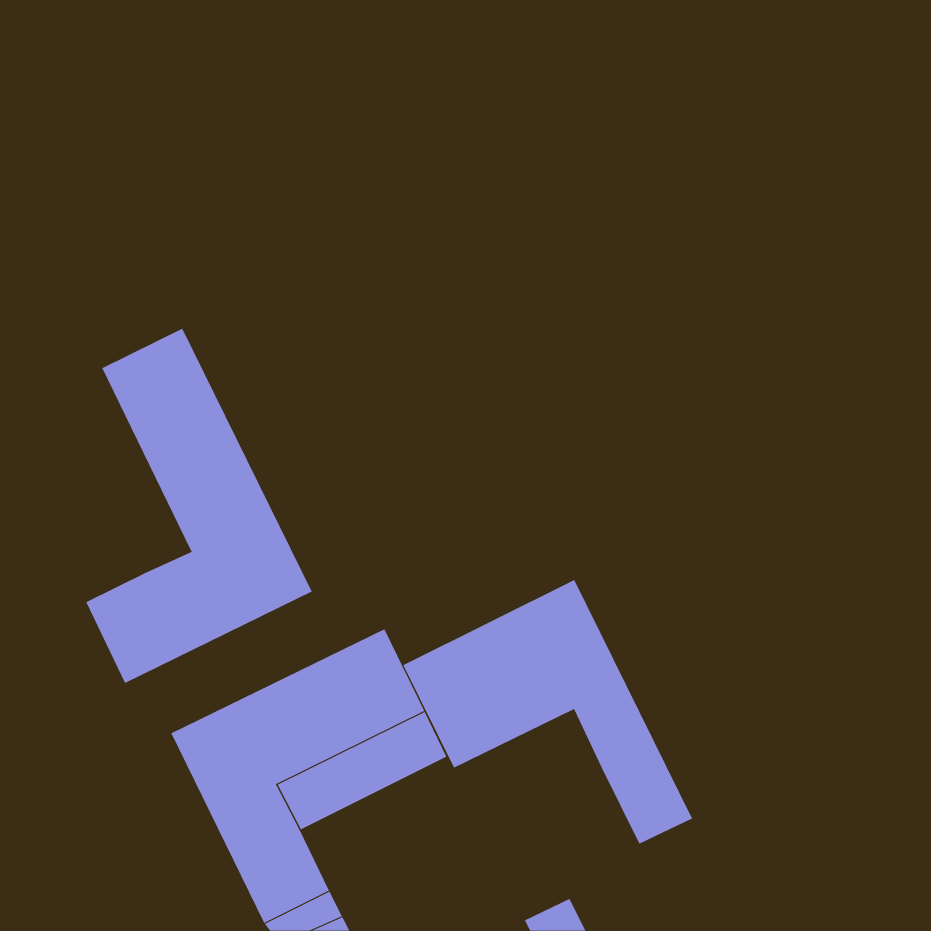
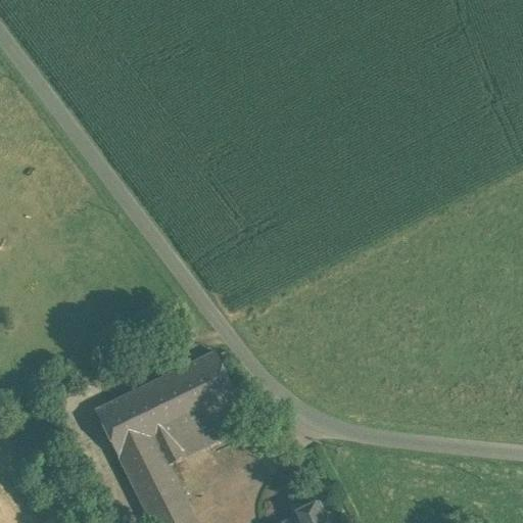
building: [85,328,313,684] -> none
building: [403,579,693,844] -> none

